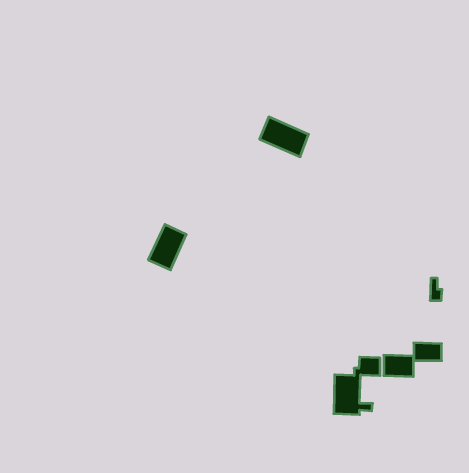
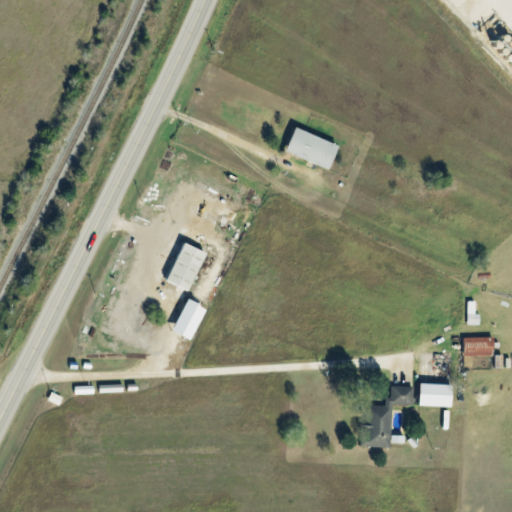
building: none -> [171,299,205,339]
building: [414,343,442,361] -> [465,336,495,355]

